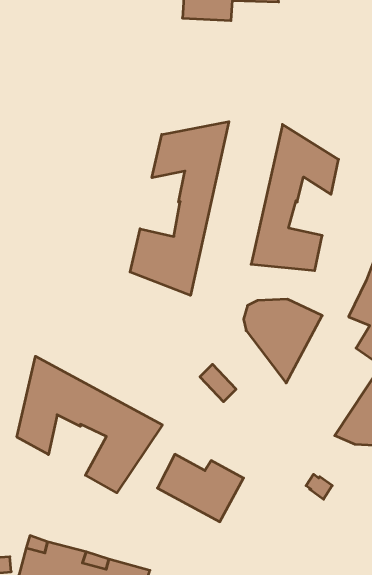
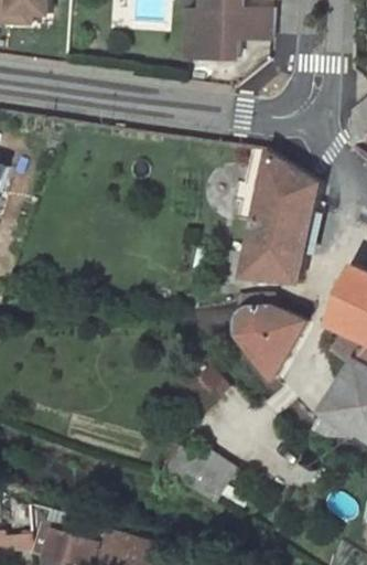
building: [130,122,229,295] -> none
building: none -> [272,199,310,250]
building: [17,356,162,493] -> none

